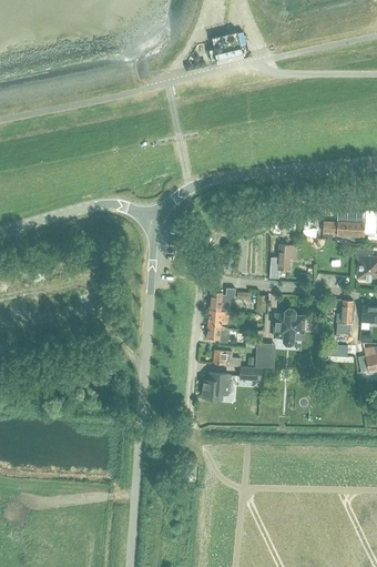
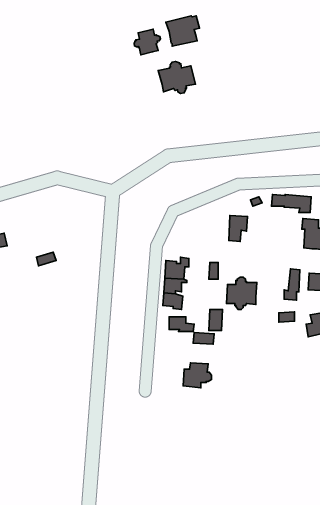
building: none -> [134,29,160,55]
building: none -> [158,62,195,94]
building: [203,373,233,399] -> [183,363,211,388]

